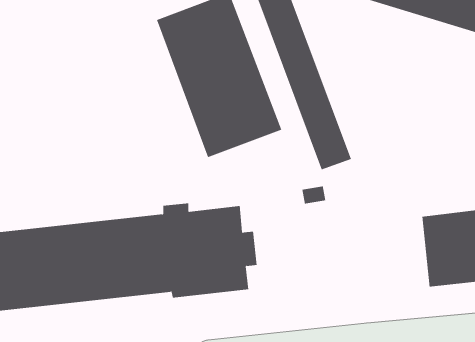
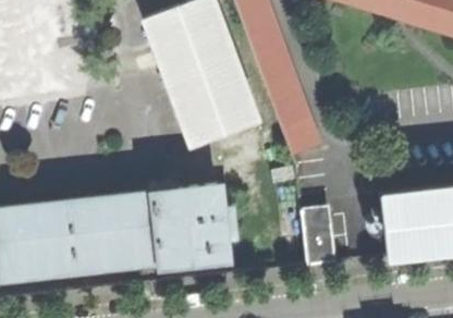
building: none -> [303,210,335,266]

